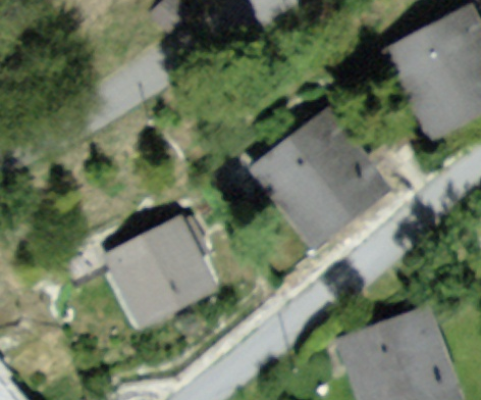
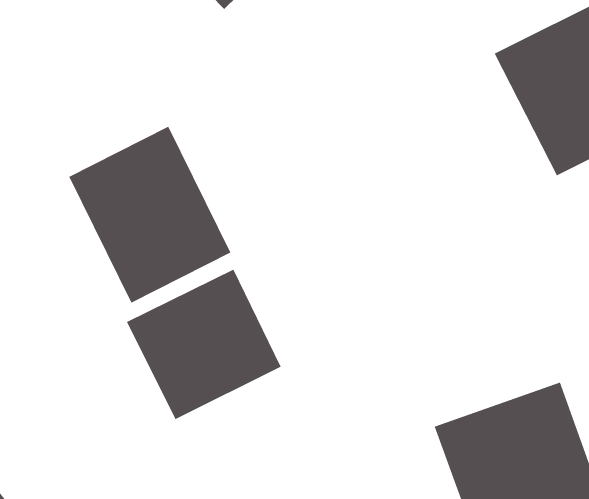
building: [247,100,398,250] -> none
building: none -> [69,126,231,303]

